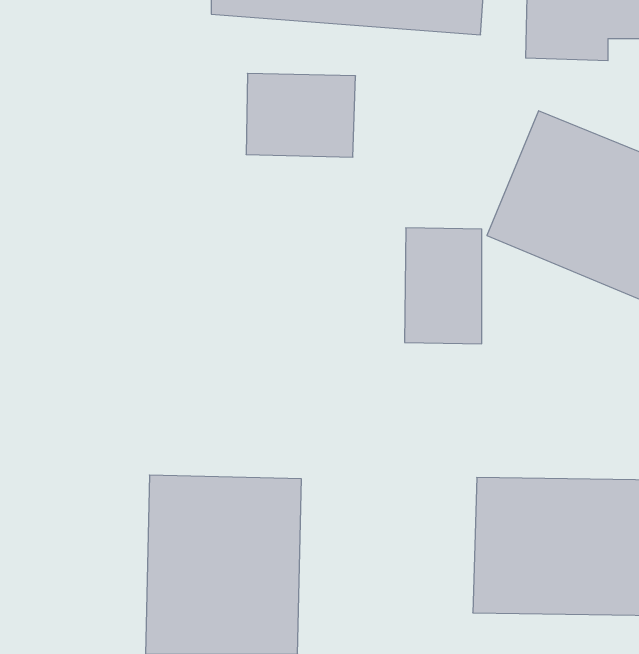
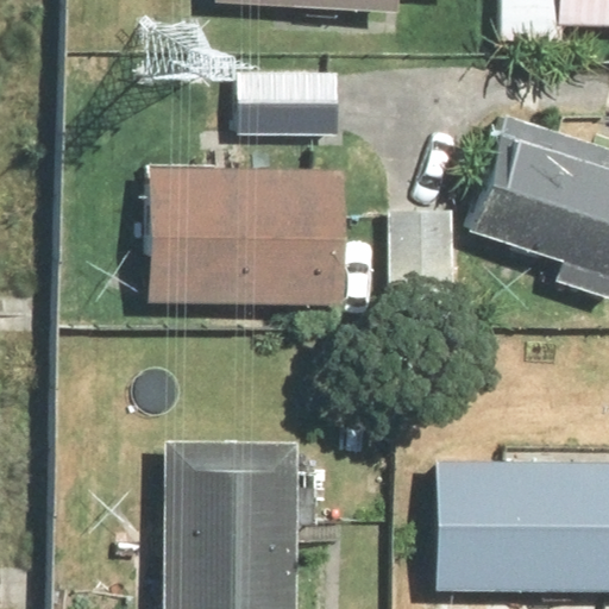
building: none -> [144,181,344,316]

